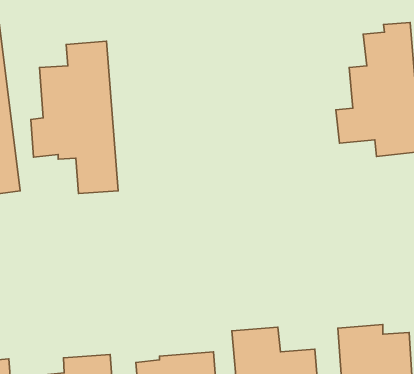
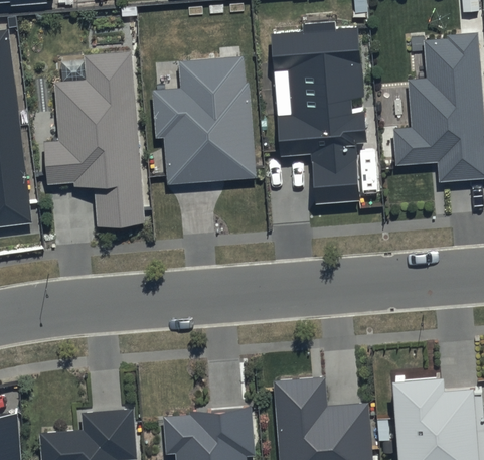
building: none -> [271,22,367,203]
building: none -> [153,58,255,184]

